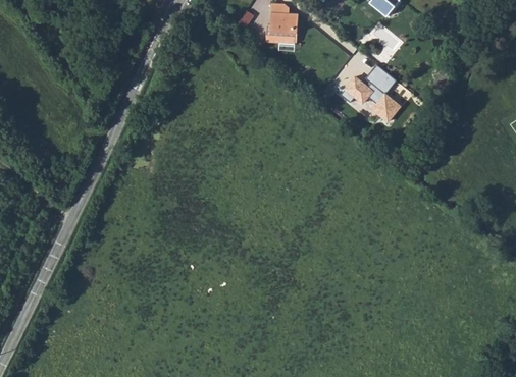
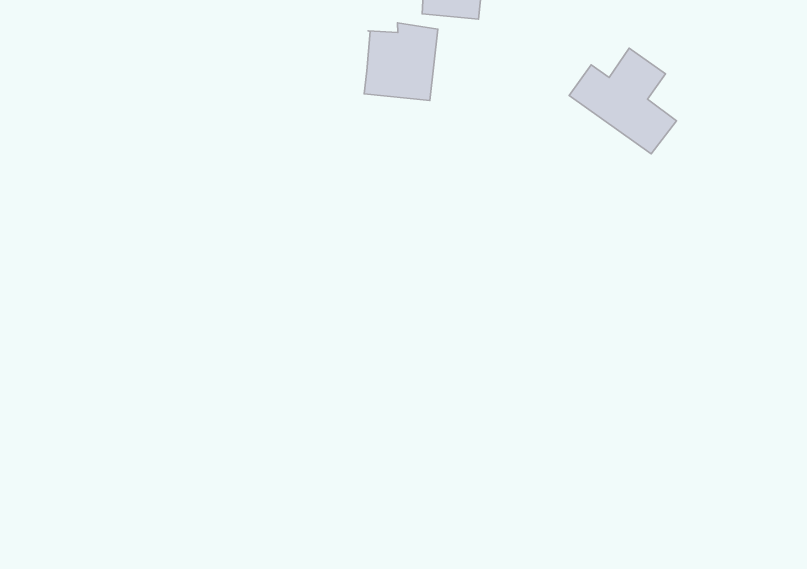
building: none -> [364,23,438,101]

